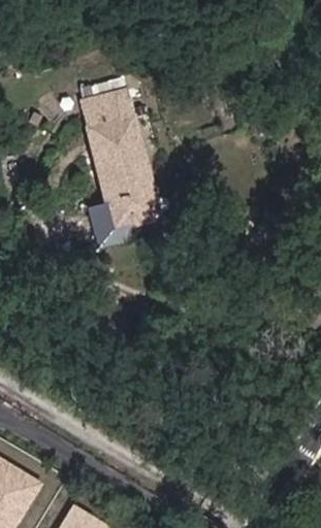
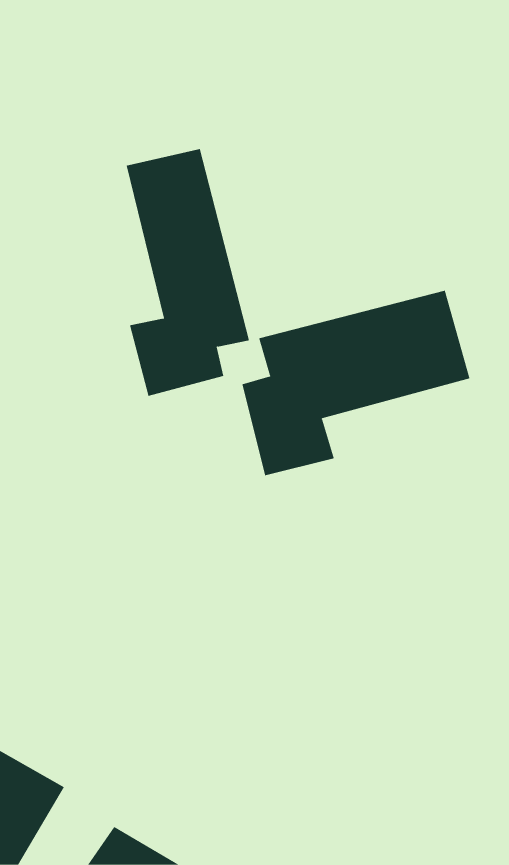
building: none -> [242,290,470,476]

